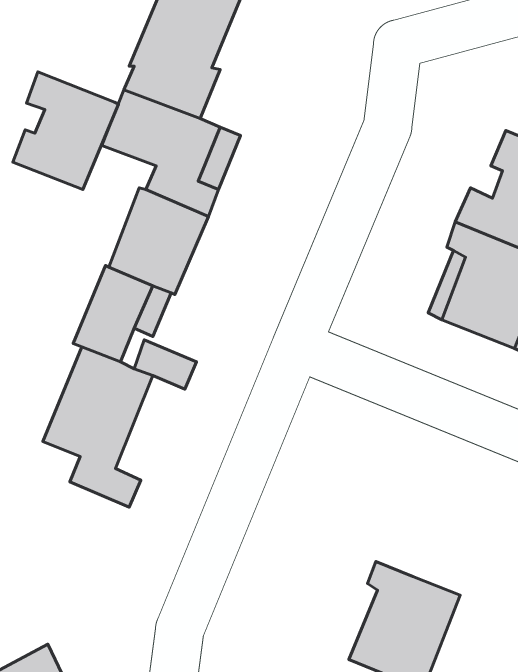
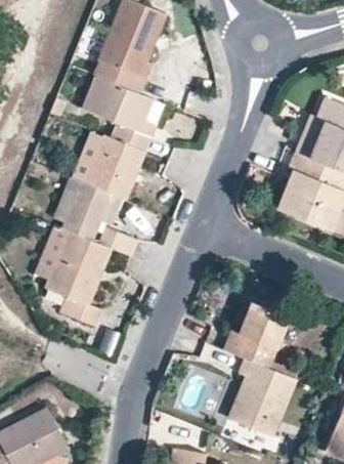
building: [13,72,118,190] -> none
building: none -> [223,302,288,368]

